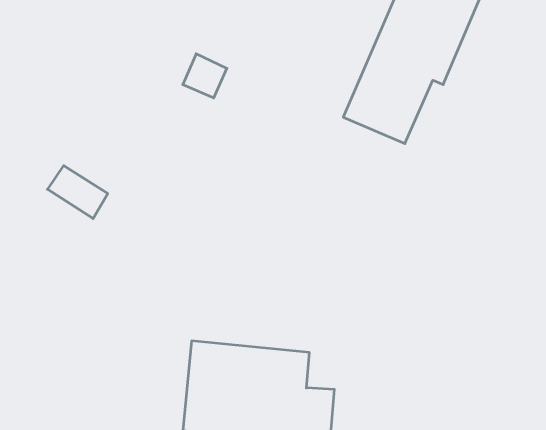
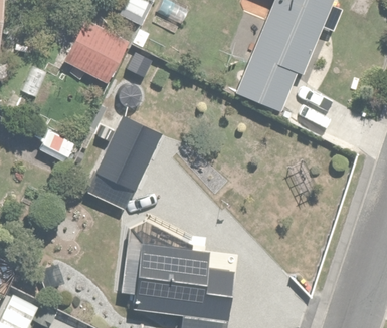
building: none -> [62,20,130,86]
building: none -> [93,118,155,190]

